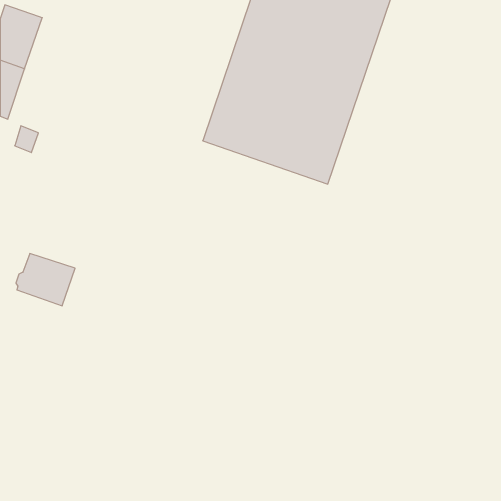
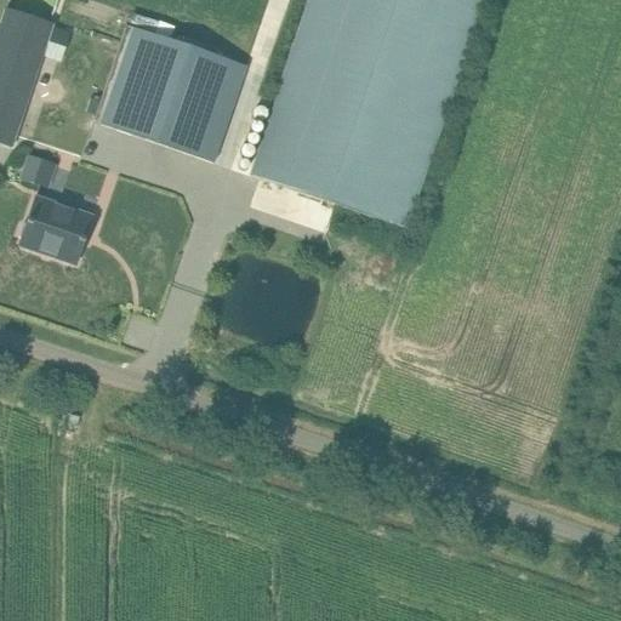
building: none -> [95,24,249,161]
building: [16,254,75,306] -> [21,198,93,262]

